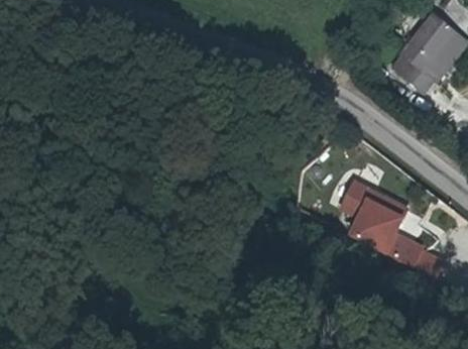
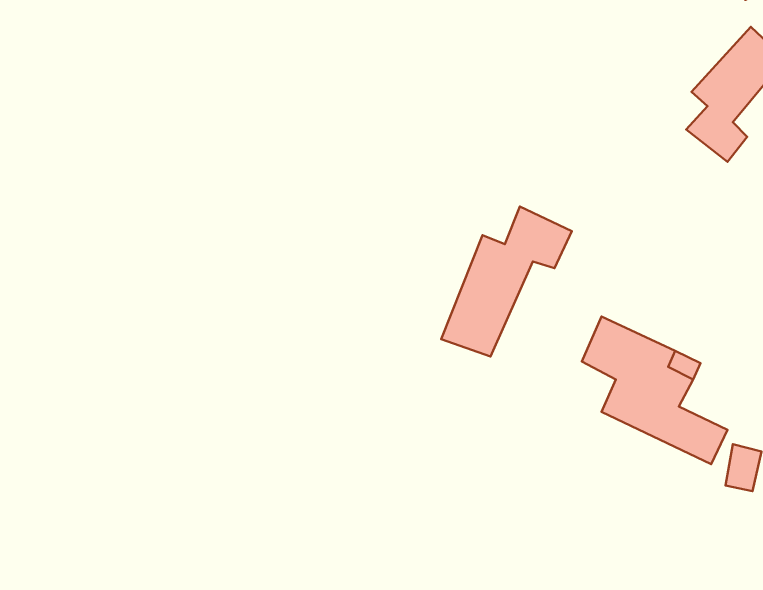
building: none -> [441,206,572,356]

